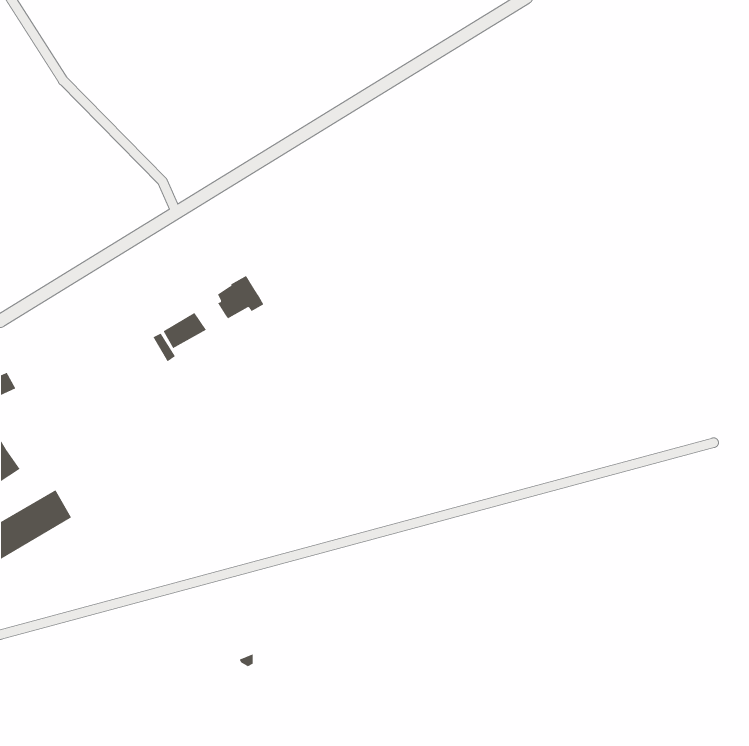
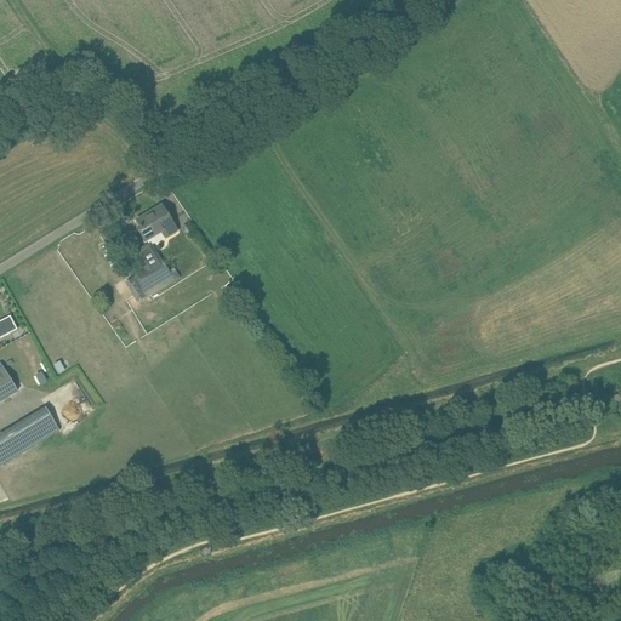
building: [217,275,264,319] -> [137,204,176,240]

